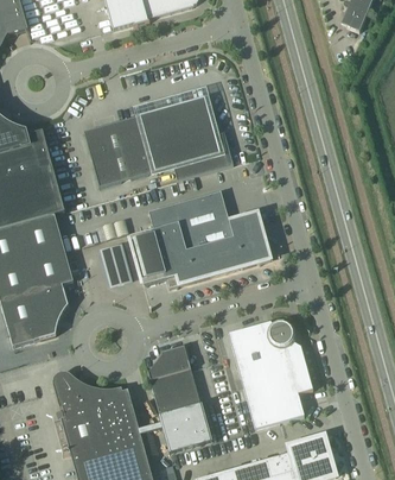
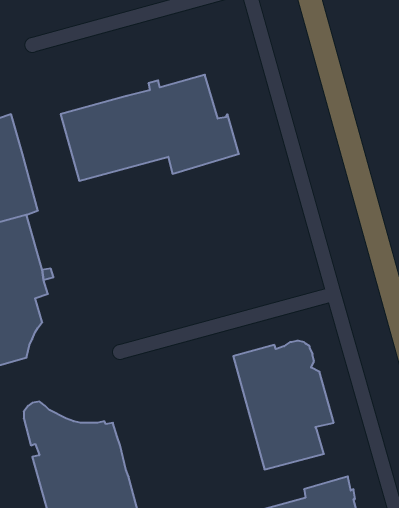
building: [129,190,272,286] -> none
building: [98,239,133,284] -> none
building: [139,345,210,444] -> none

